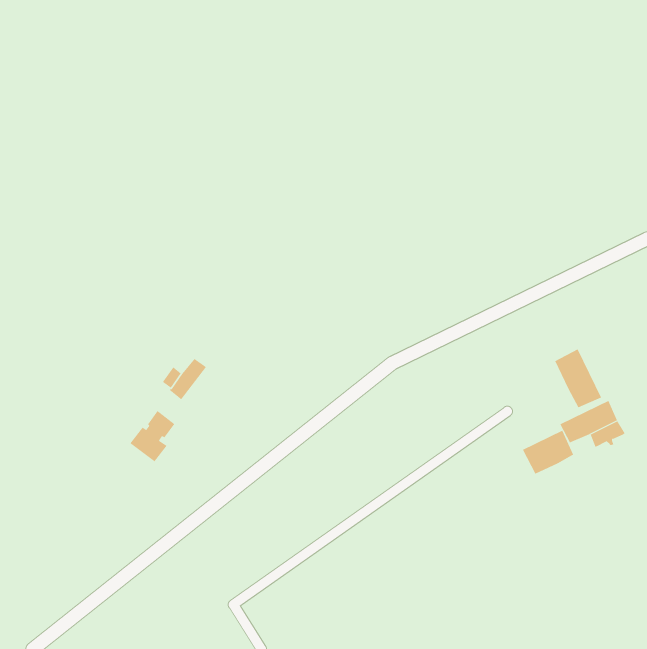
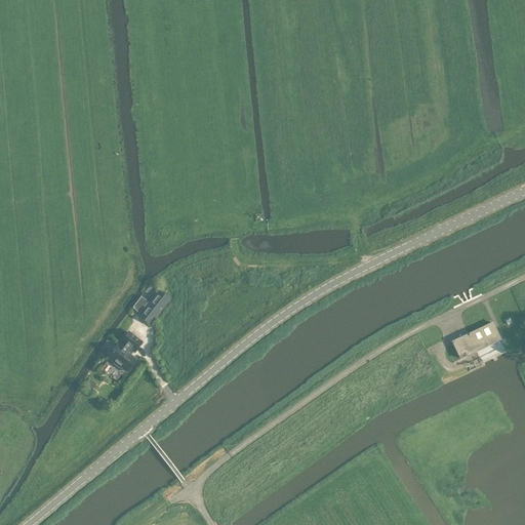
building: [554,348,602,408] -> none
building: [522,430,574,475] -> none

